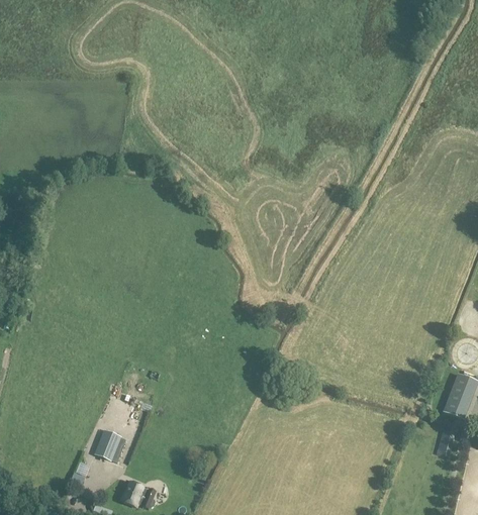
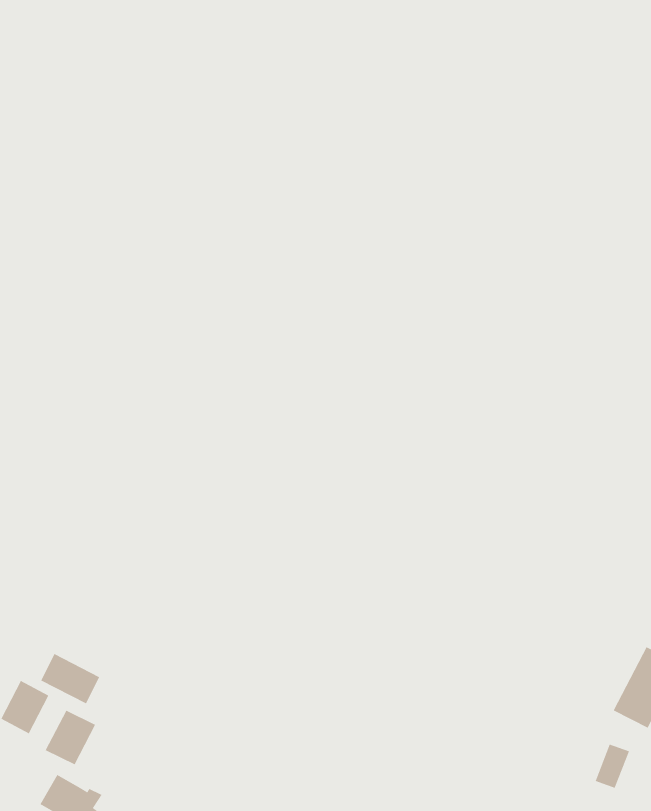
building: none -> [41,653,100,704]
building: none -> [45,710,96,765]

